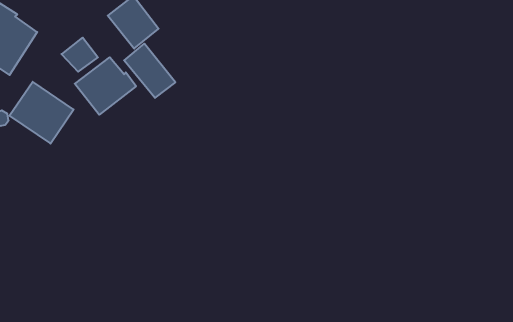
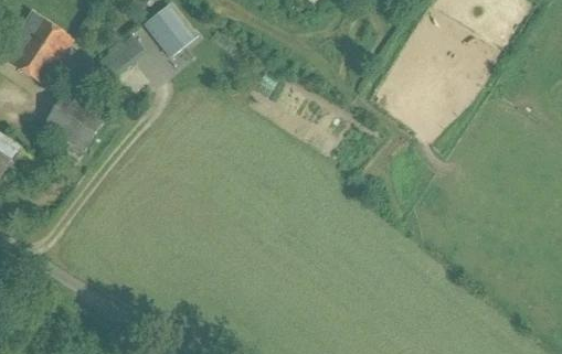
building: [124,44,175,98] -> none
building: [75,57,136,115] -> none

